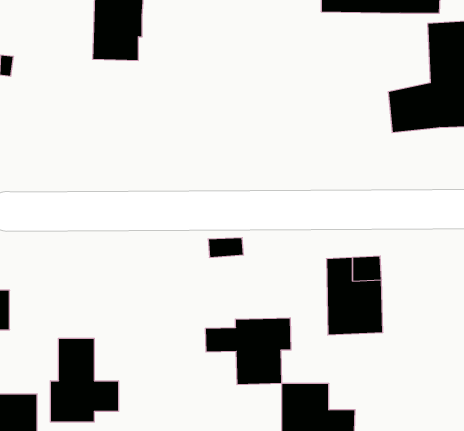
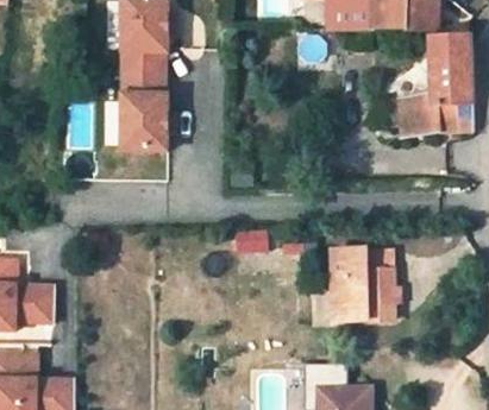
building: none -> [121,71,168,150]
building: [205,318,291,385] -> none
building: [50,338,118,422] -> none

